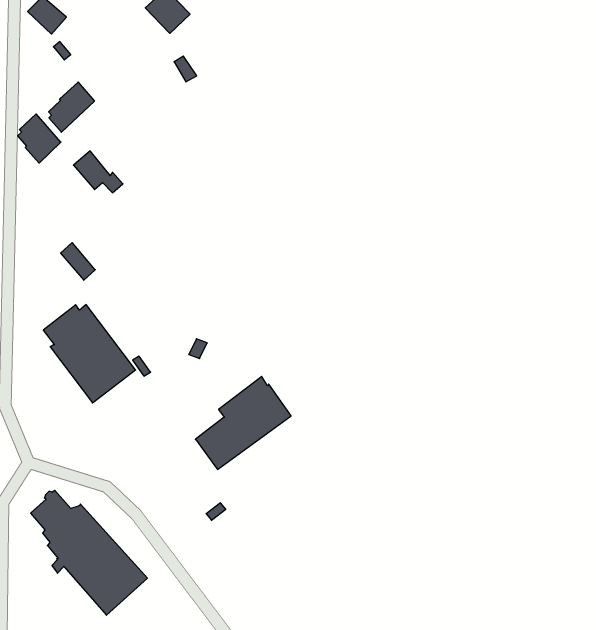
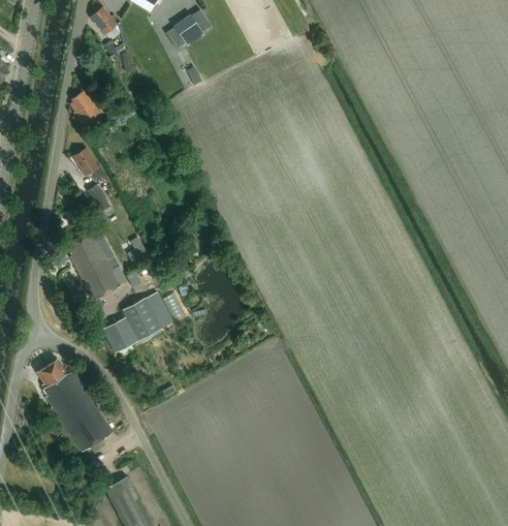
building: [49,82,94,132] -> none
building: [73,151,123,193] -> [72,148,105,180]
building: [195,376,291,469] -> [102,292,172,353]

